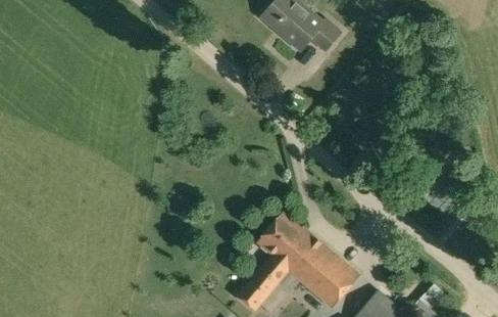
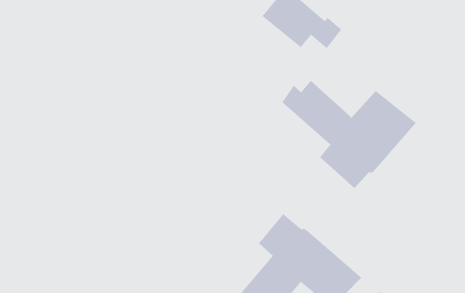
building: none -> [281,80,417,189]

